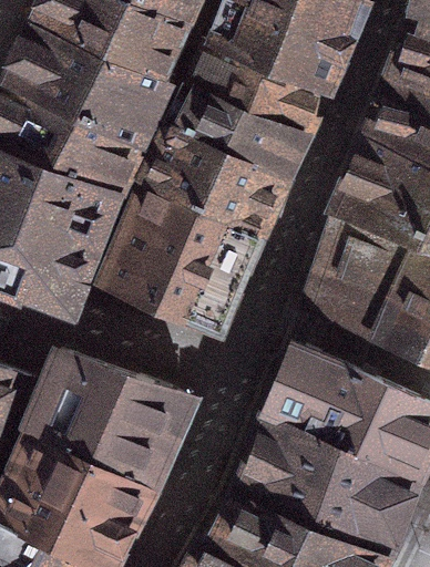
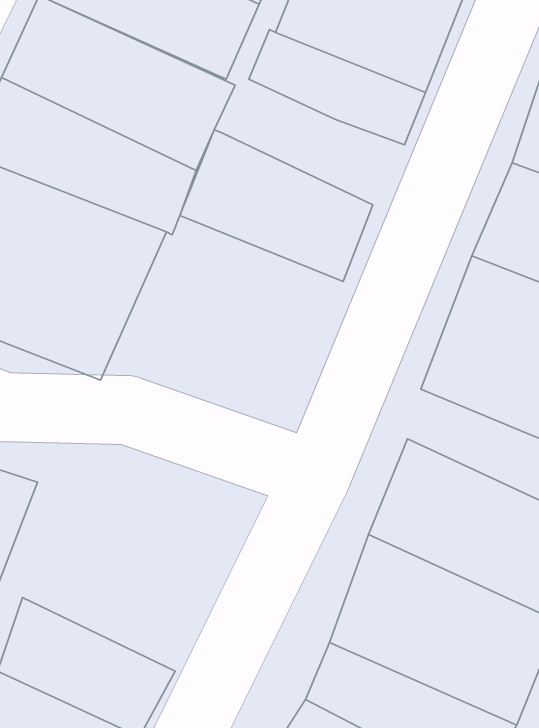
building: [170,80,305,173] -> none
building: [100,181,259,327] -> none
building: [22,350,193,517] -> none

